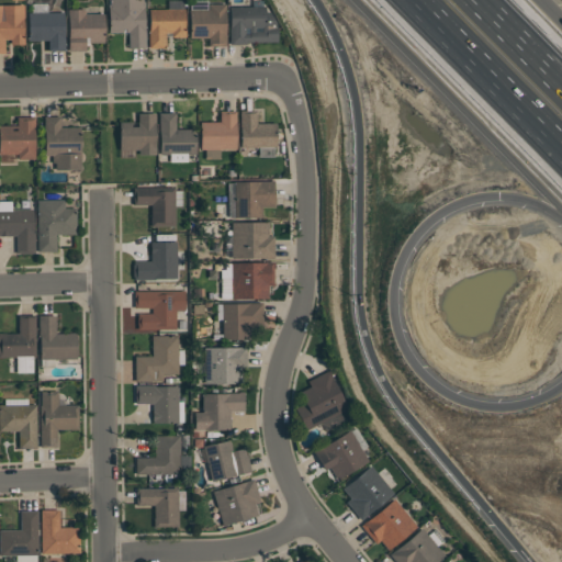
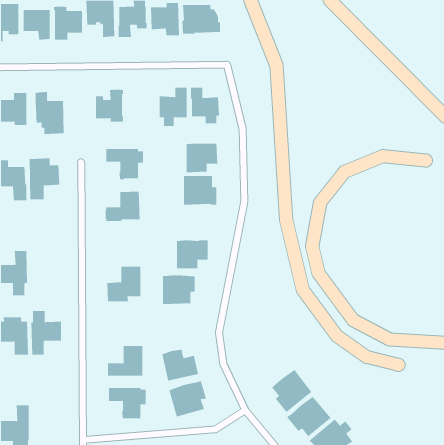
building: [161,113,198,162] -> none
building: [223,262,276,300] -> none
building: [136,291,187,329] -> none
building: [40,315,79,360] -> none
building: [296,370,350,430] -> none
building: [137,385,180,424] -> none
building: [196,393,246,430] -> none
building: [316,430,370,480] -> none
building: [43,510,81,554] -> none

